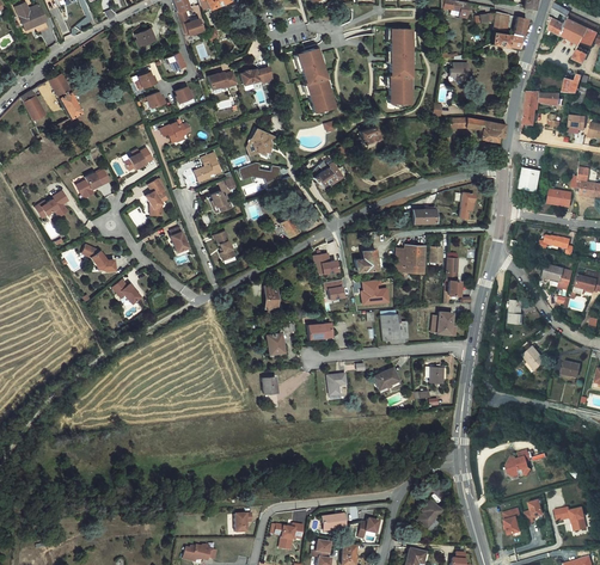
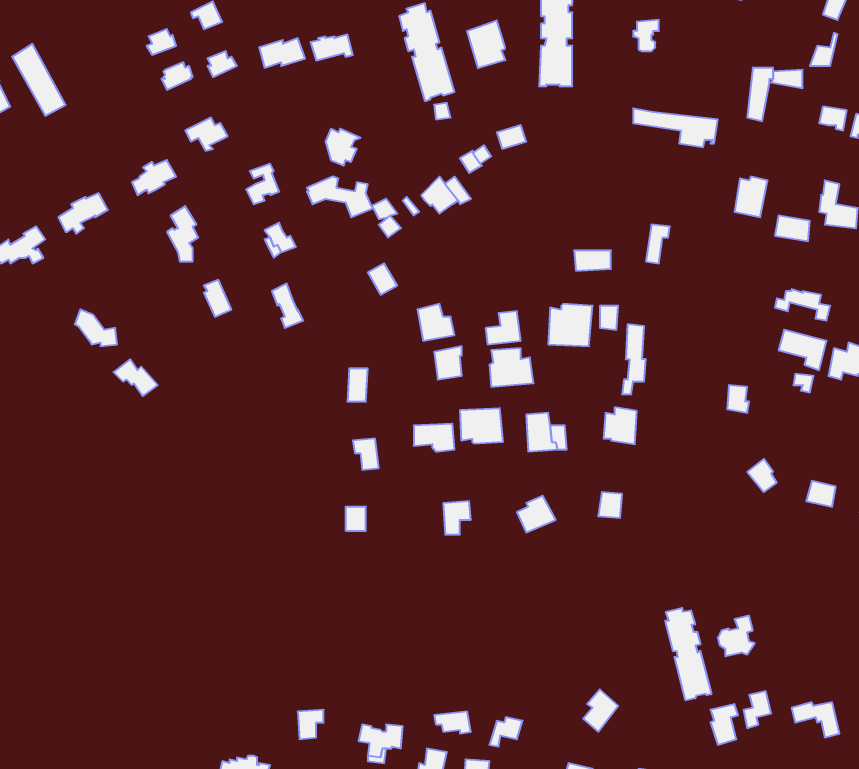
building: none -> [467,20,505,68]
building: none -> [460,408,503,444]
building: none -> [665,608,711,700]

